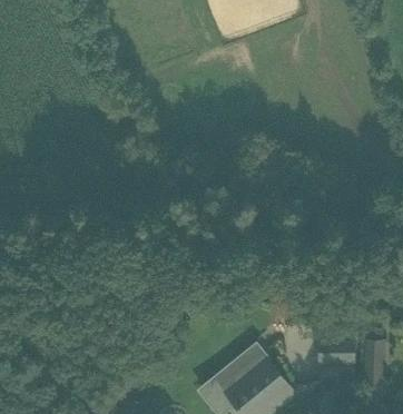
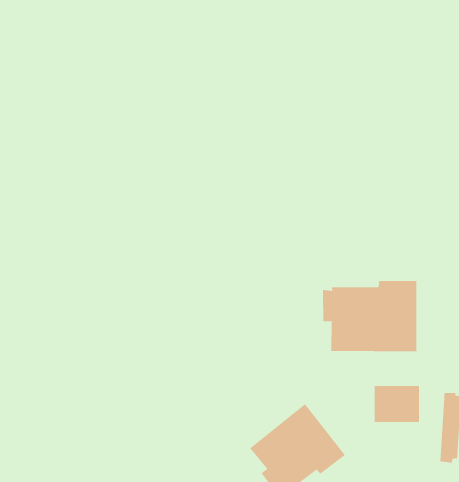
building: none -> [322,280,417,352]

